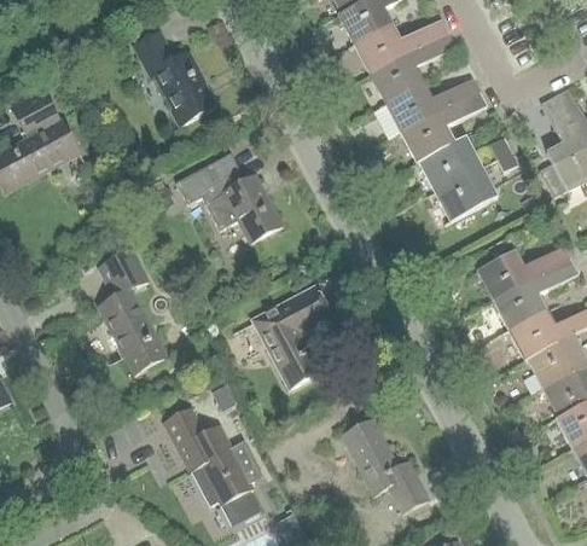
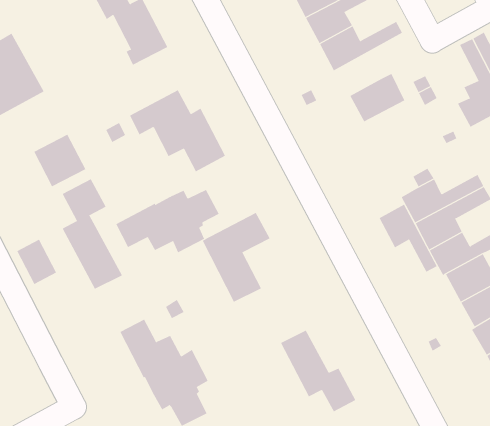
building: [401,89,486,161] -> none
building: [435,164,498,219] -> none
building: none -> [33,134,86,187]
building: none -> [115,189,220,253]
building: none -> [379,204,437,272]
building: none -> [16,239,57,285]

